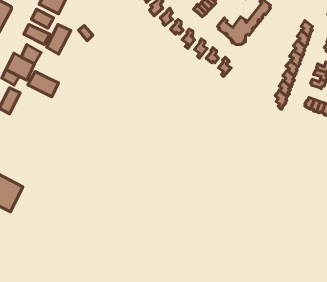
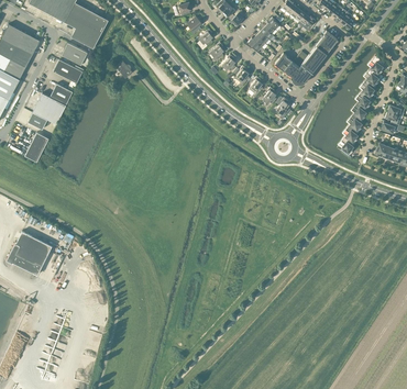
building: [46,24,71,54] -> none
building: [28,71,58,97] -> none

